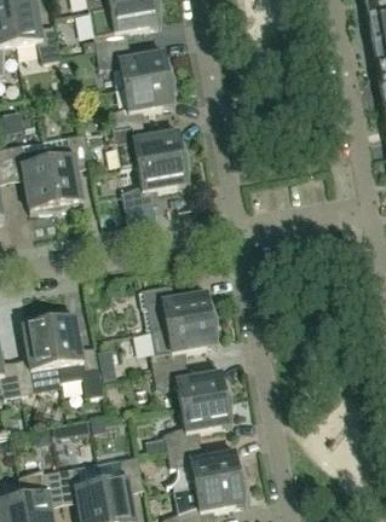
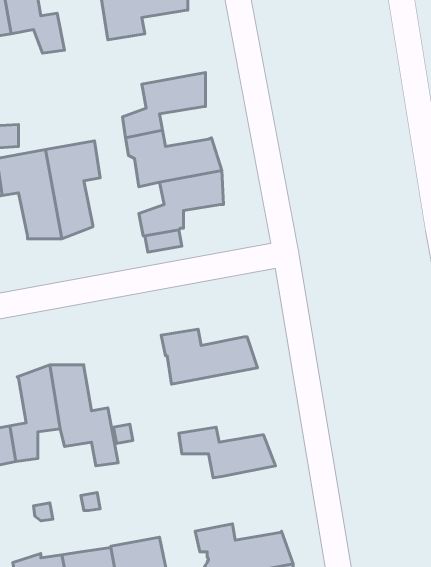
building: [96,44,175,85] -> none
building: [148,315,218,369] -> none
building: [165,395,232,448] -> none

